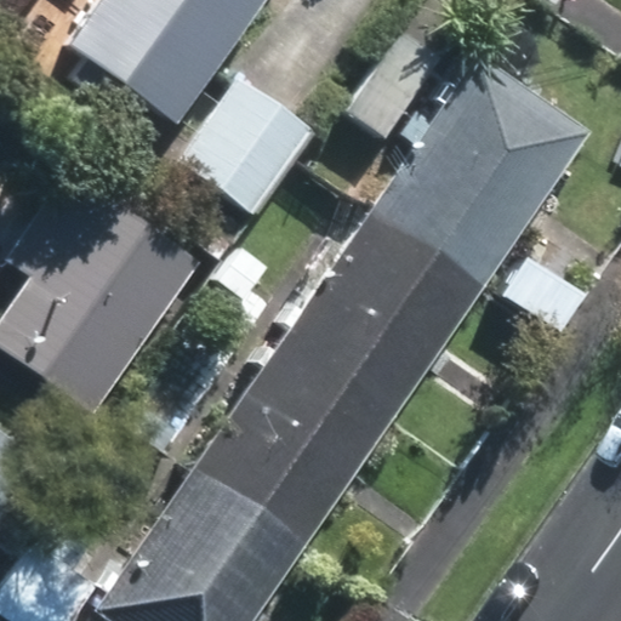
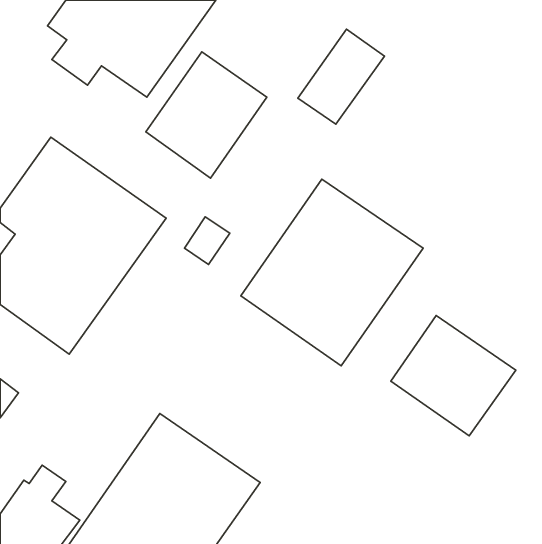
building: [372,62,588,287] -> none
building: [190,341,394,551] -> none
building: none -> [391,316,516,436]

